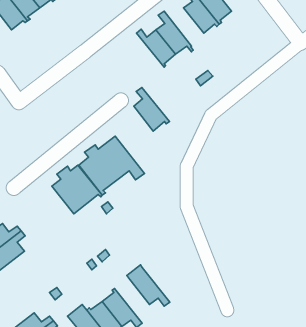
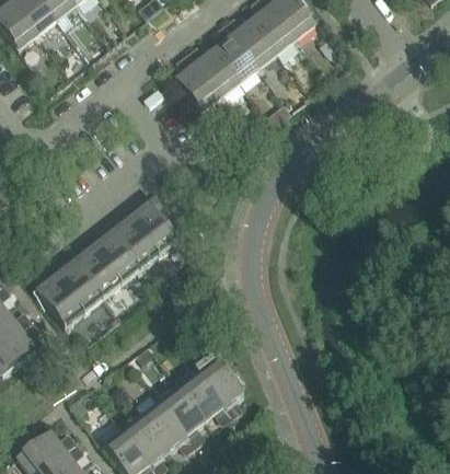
building: none -> [223,20,277,72]
building: [134,87,169,131] -> [175,55,223,114]
building: none -> [34,262,102,332]
building: none -> [194,358,242,418]
building: none -> [157,388,204,447]

